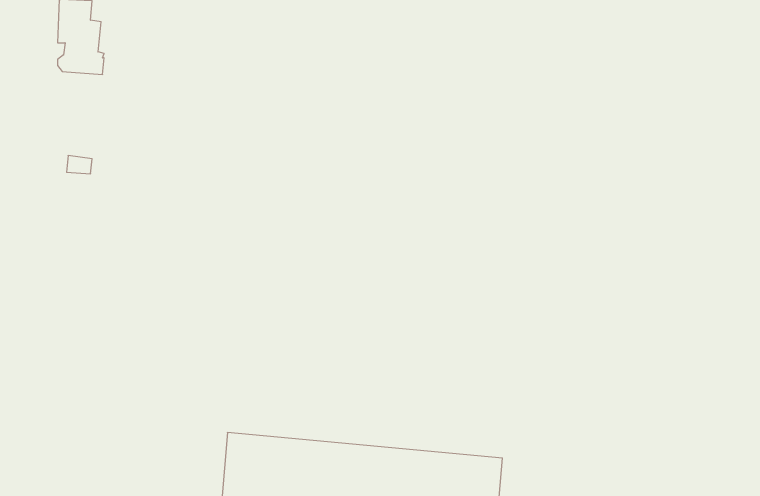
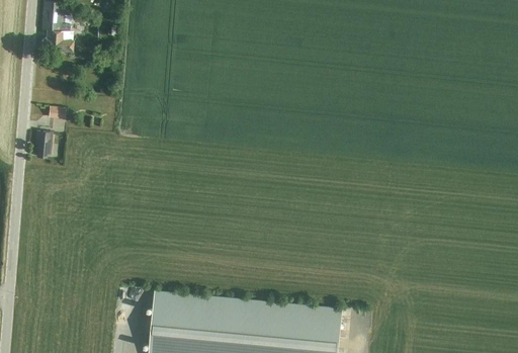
building: none -> [33,131,51,159]

